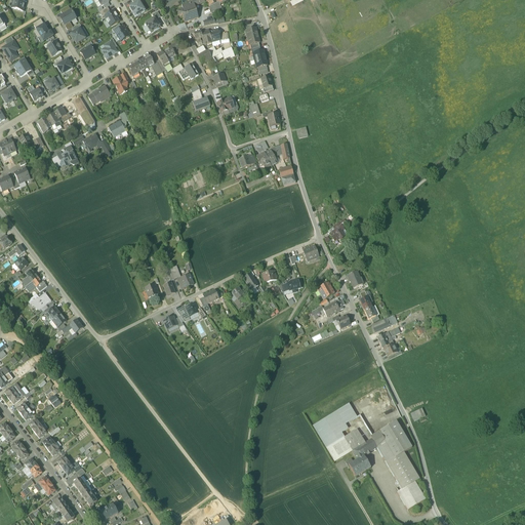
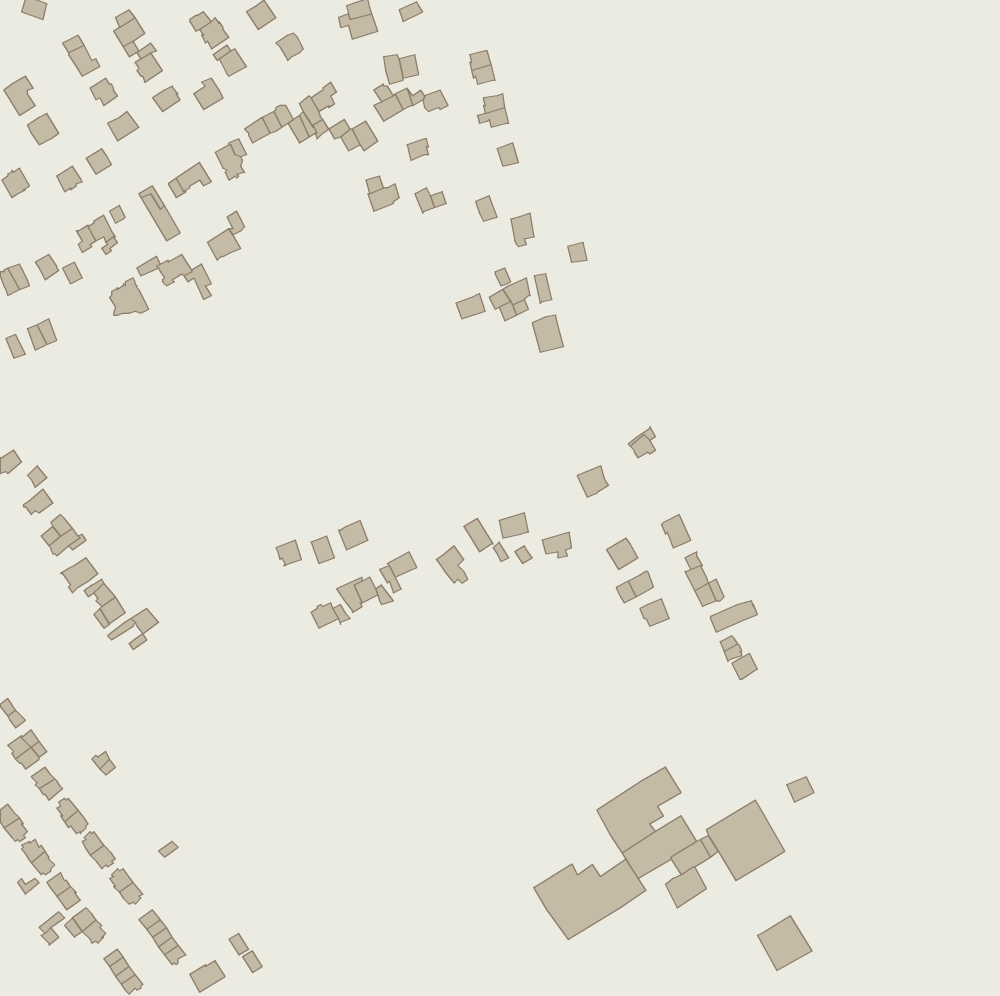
building: none -> [534,859,646,940]
building: [386,451,419,488] -> none

